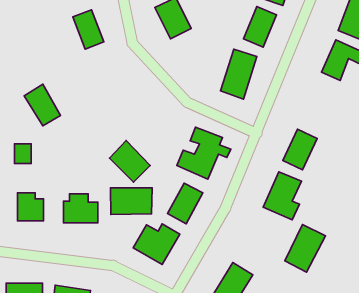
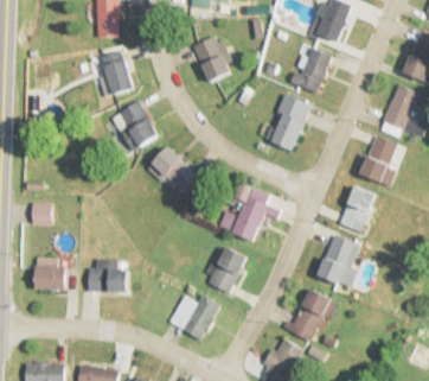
building: none -> [356,133,399,183]
building: [24,84,61,126] -> [116,100,158,147]
building: [110,141,150,182] -> [148,146,194,193]
building: [110,188,152,214] -> none
building: [285,224,325,272] -> [288,288,334,343]

